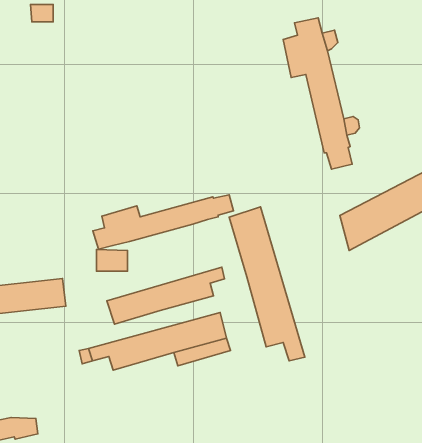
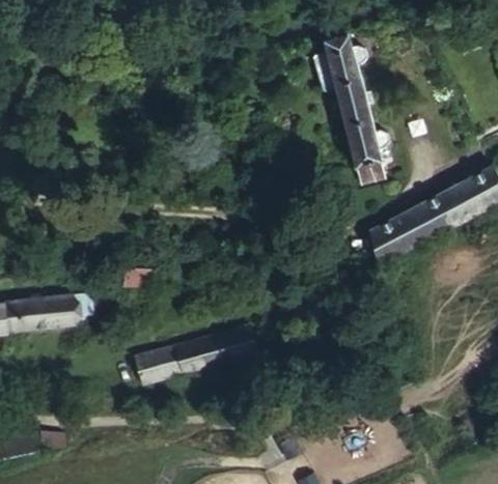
building: [93,195,234,249] -> none
building: [229,207,305,361] -> none
building: [107,267,224,324] -> none

